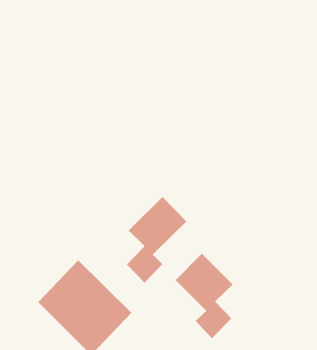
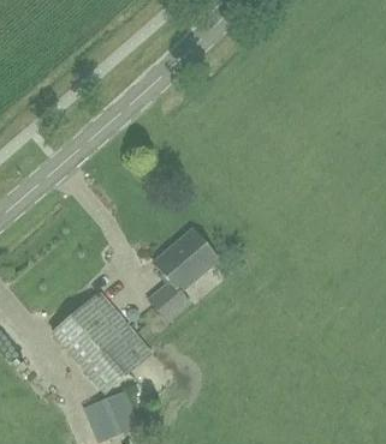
building: [175,253,233,339] -> none

